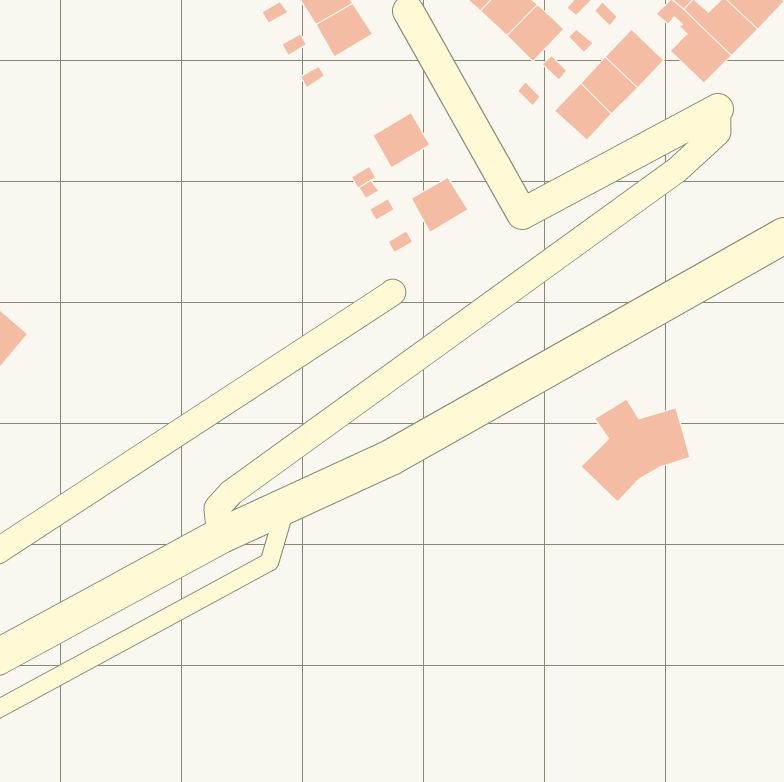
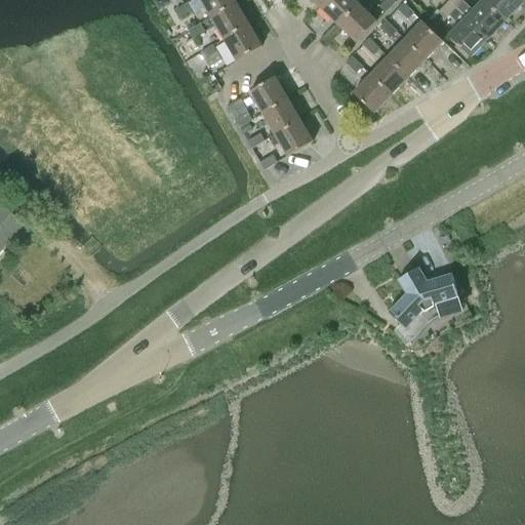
building: none -> [223,23,260,59]
building: none -> [352,74,391,112]
building: none -> [260,96,298,132]

